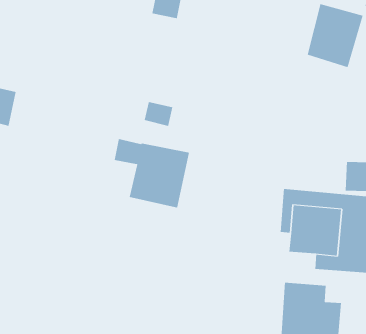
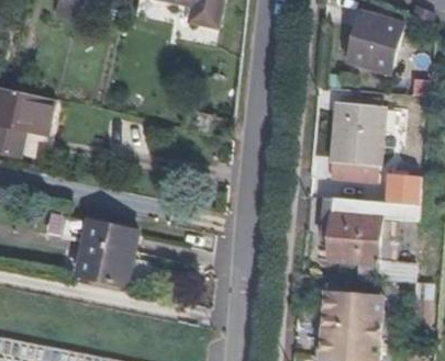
building: none -> [329,102,385,184]
building: [114,138,190,208] -> [62,216,138,286]

